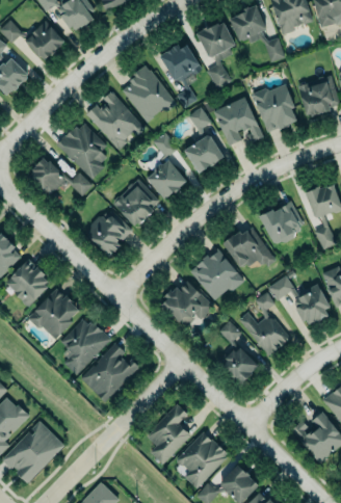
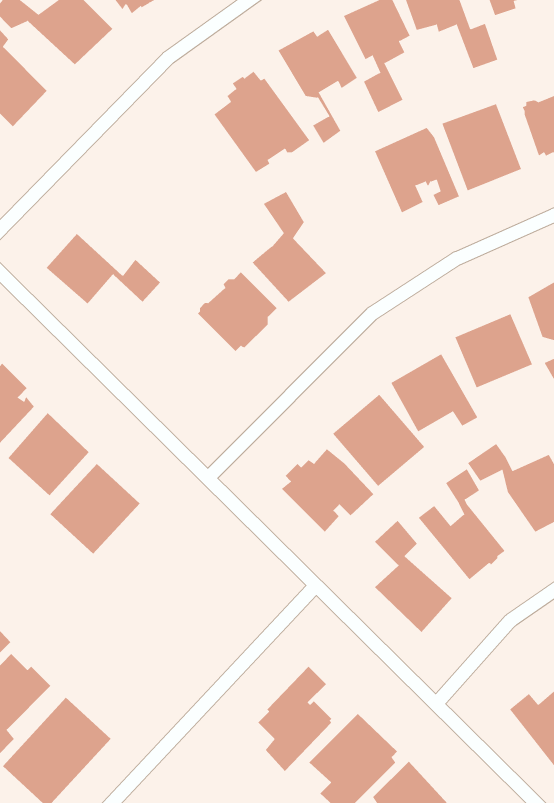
building: [85,90,146,152] -> none
building: [185,108,225,173] -> none
building: [57,124,107,180] -> none
building: [85,210,131,258] -> none
building: [60,317,109,376] -> none
building: [80,345,139,403] -> none

